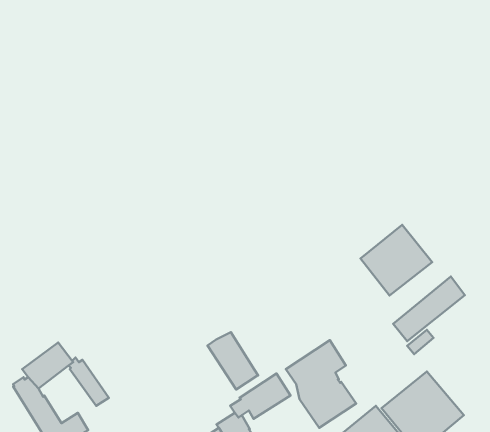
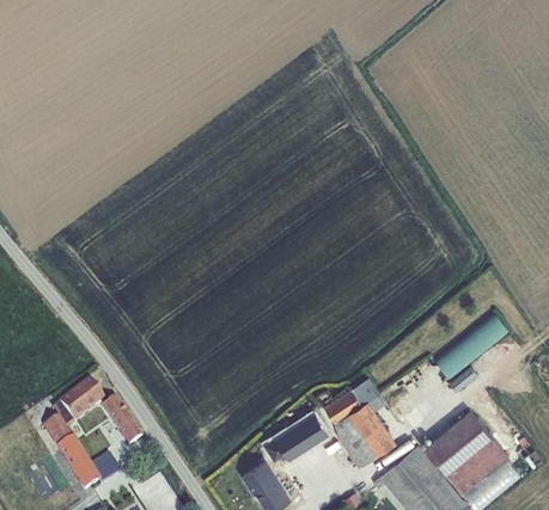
building: [361,225,432,295] -> none
building: [208,332,258,389] -> none

